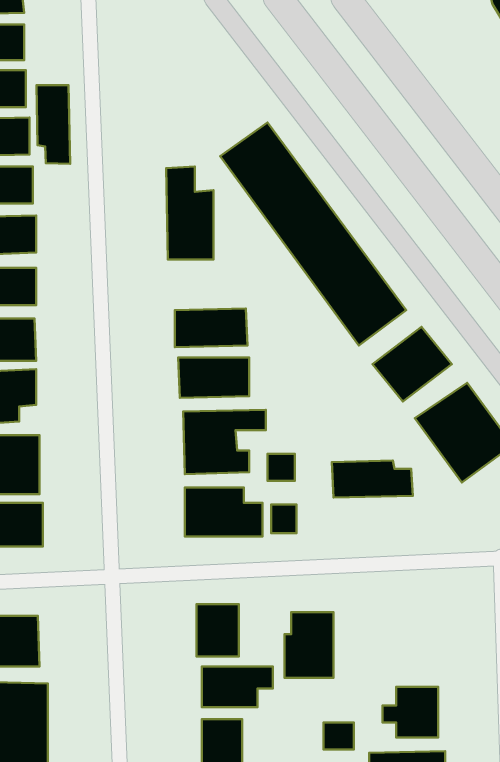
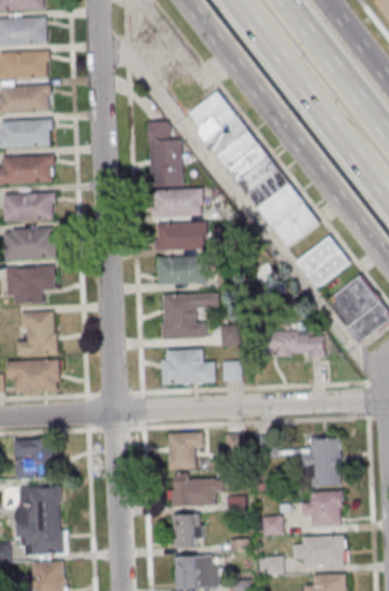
building: [37,85,70,164] -> none
building: none -> [150,189,203,215]
building: [285,612,334,678] -> [305,436,340,483]

